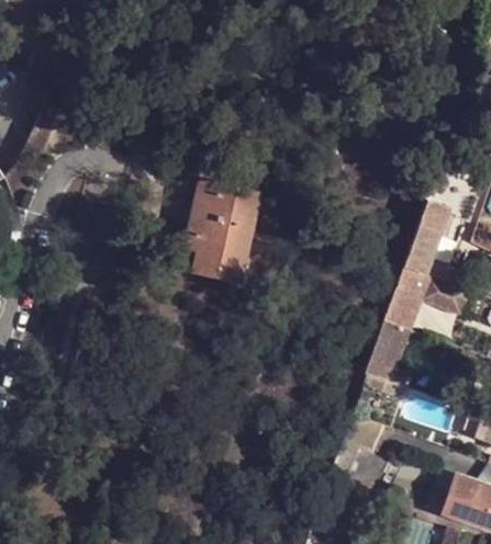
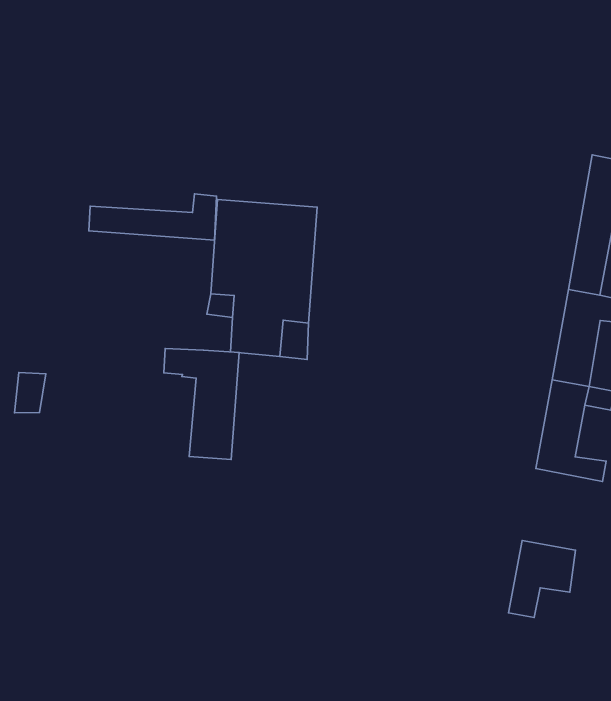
building: none -> [89,194,217,240]
building: none -> [164,349,239,460]

